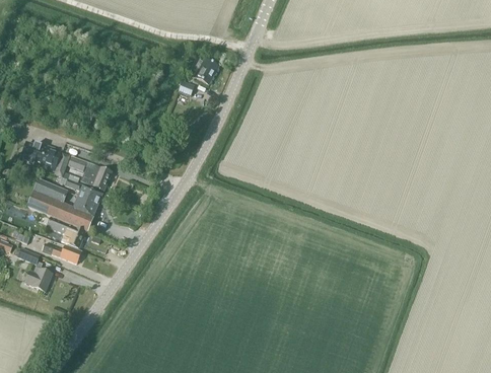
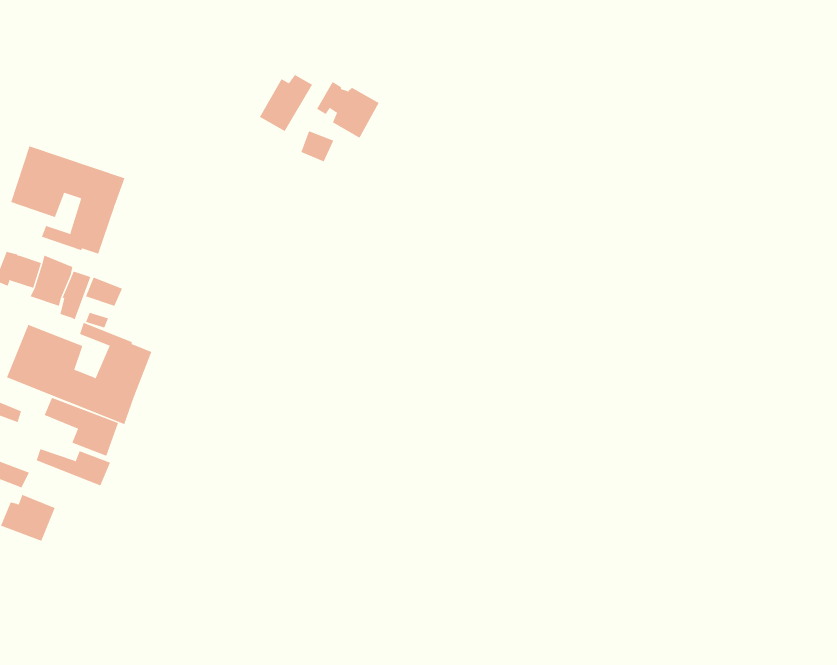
building: none -> [259,74,313,132]
building: none -> [10,146,125,254]
building: [80,164,112,191] -> none

